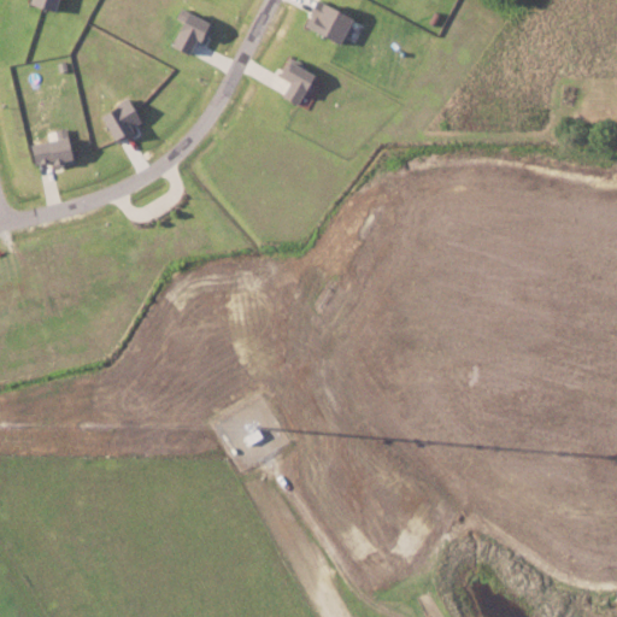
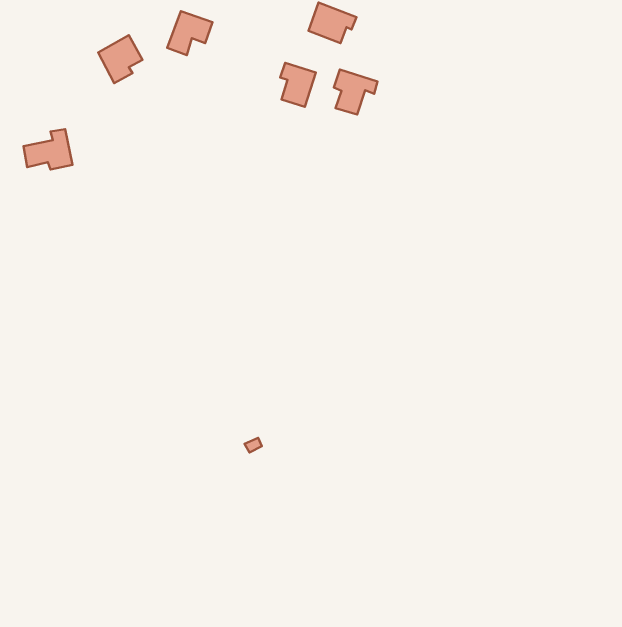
building: none -> [334,69,377,115]
building: [100,98,143,145] -> [98,35,142,83]

